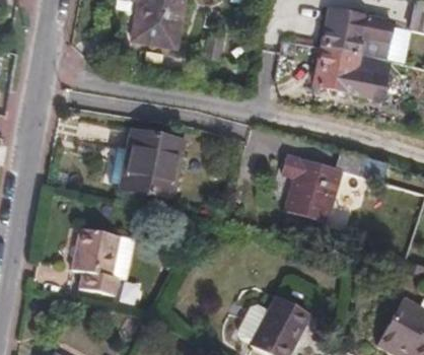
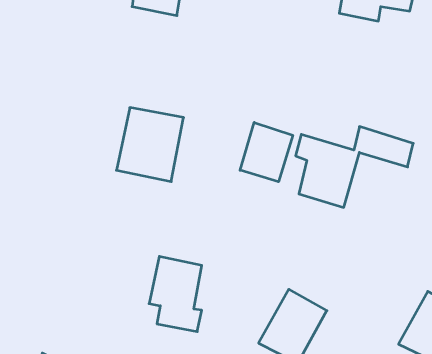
building: [314,46,387,98] -> none
building: none -> [240,122,293,182]
building: [71,227,119,295] -> [149,256,202,332]

